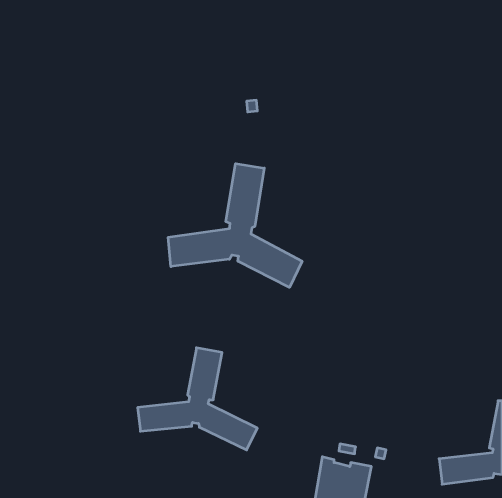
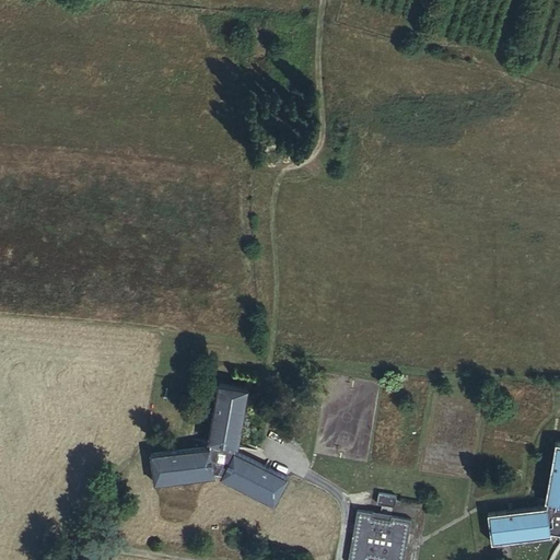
building: [168,164,302,287] -> none

